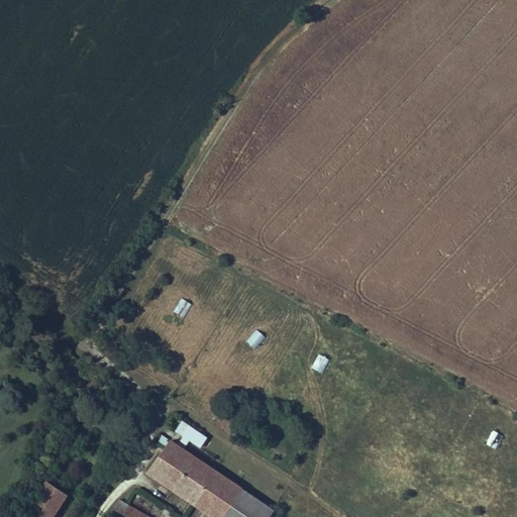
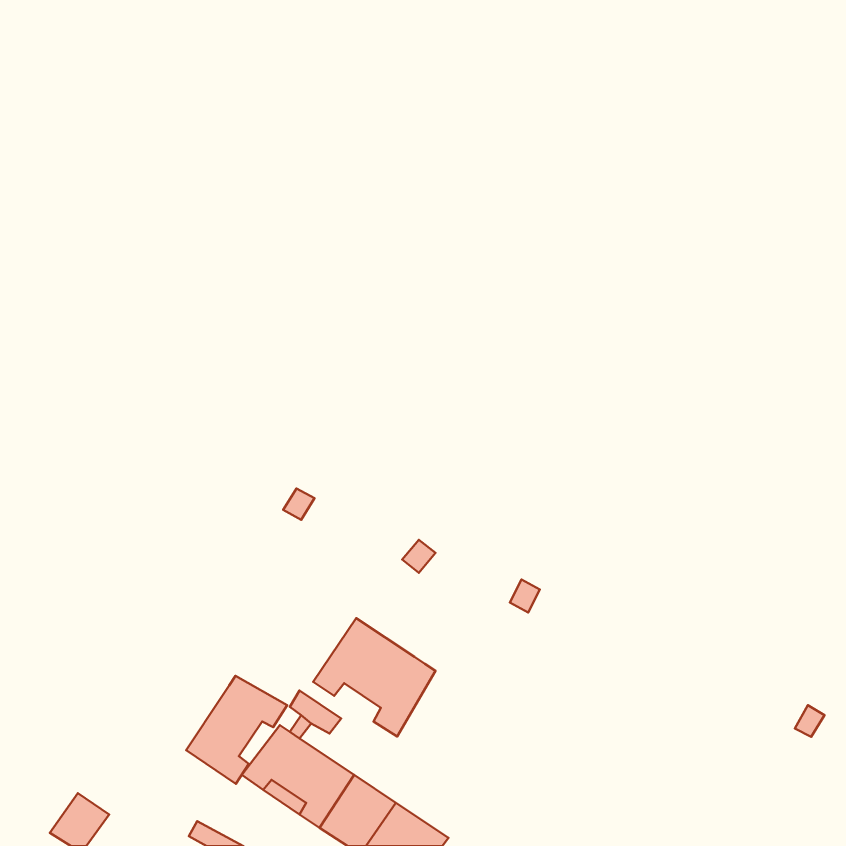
building: none -> [313,618,435,737]
building: none -> [186,676,287,784]

